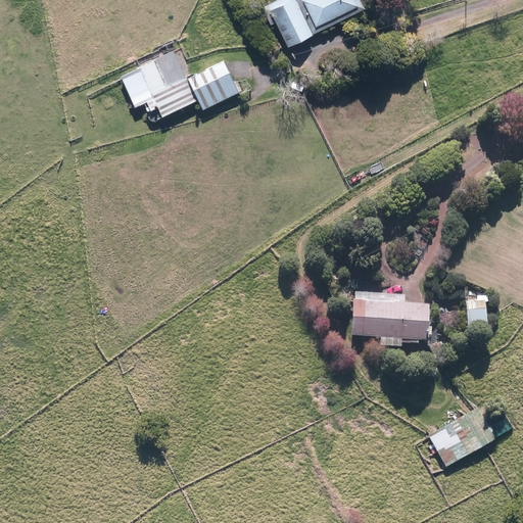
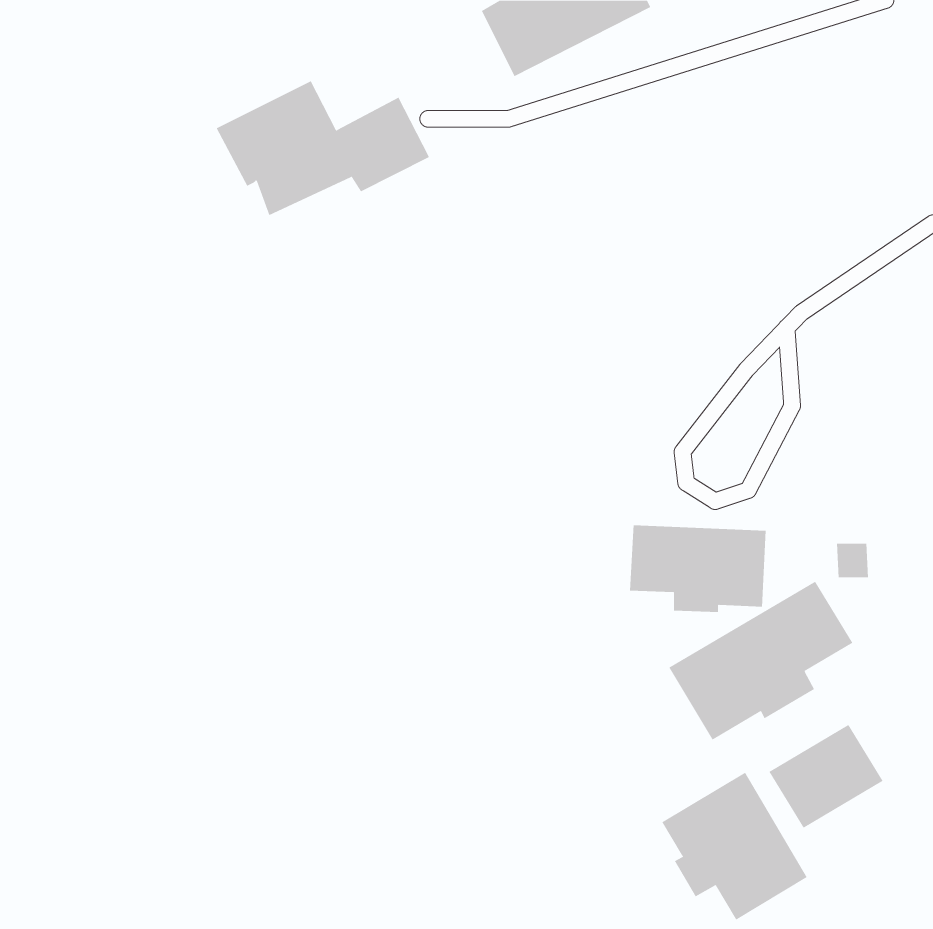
building: none -> [669,581,853,740]
building: none -> [662,772,807,921]

